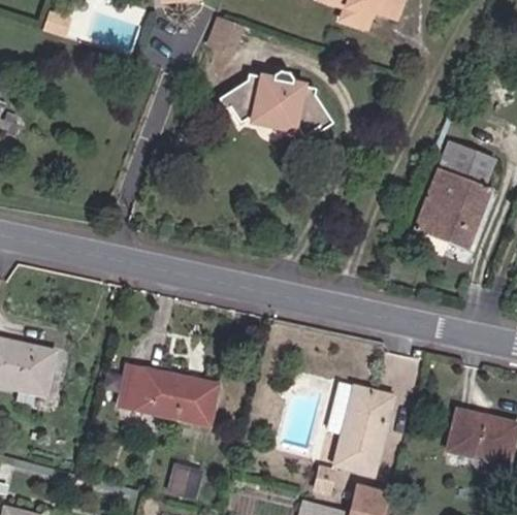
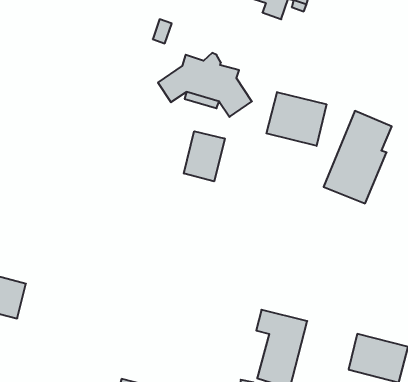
building: none -> [266,92,326,146]
building: none -> [184,131,225,181]
building: [122,364,221,427] -> none

